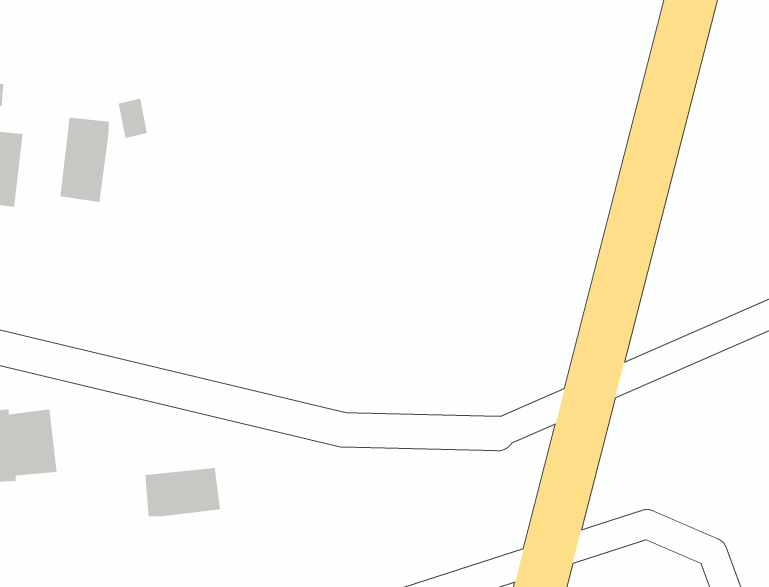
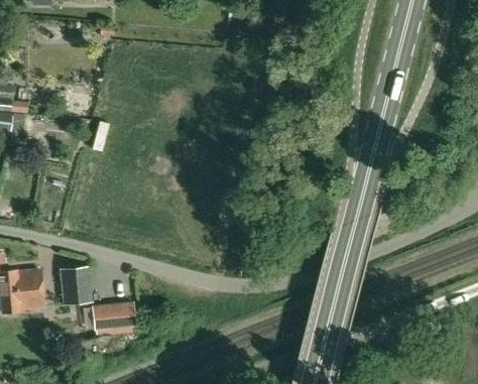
building: [59,117,110,203] -> none
building: none -> [58,265,91,303]

